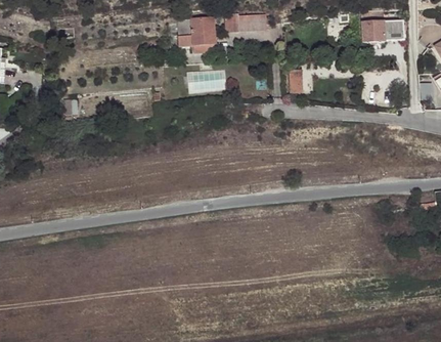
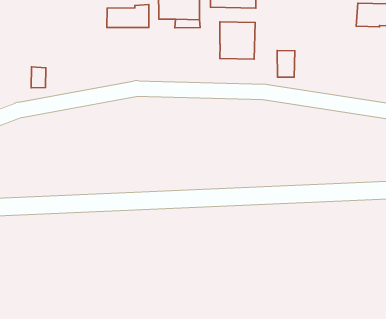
building: none -> [107,5,149,28]
building: none -> [220,22,255,59]

